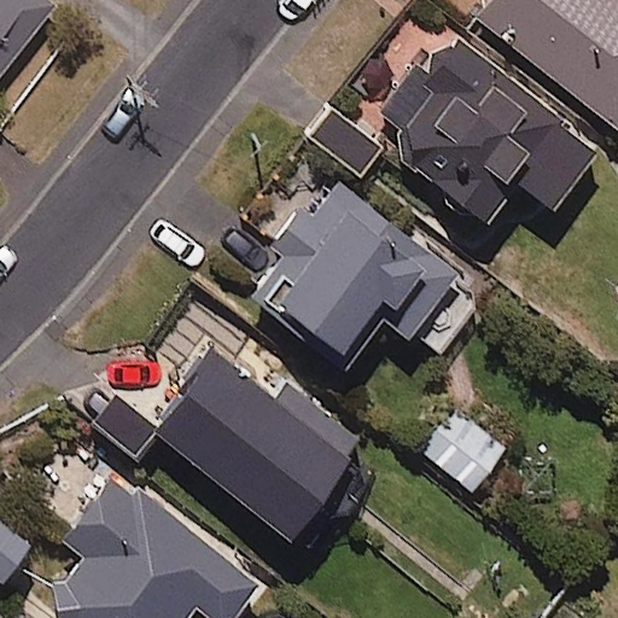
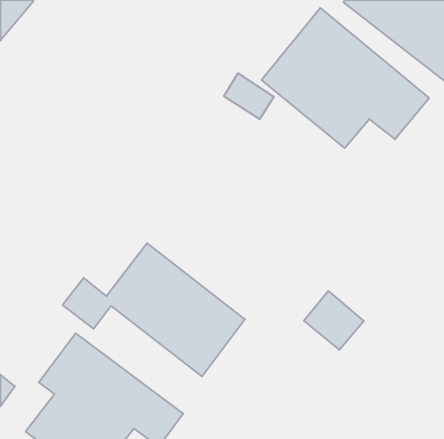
building: [235,169,483,362] -> none

